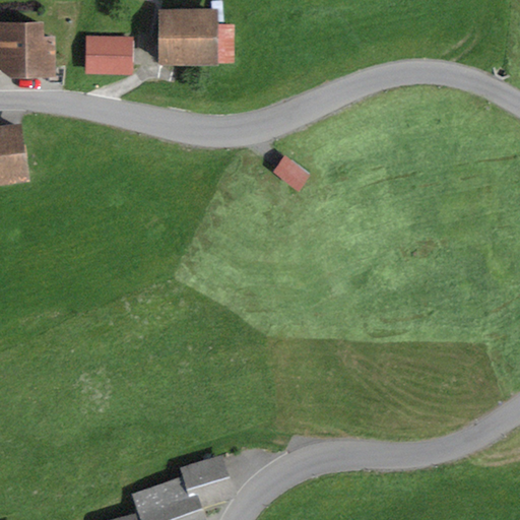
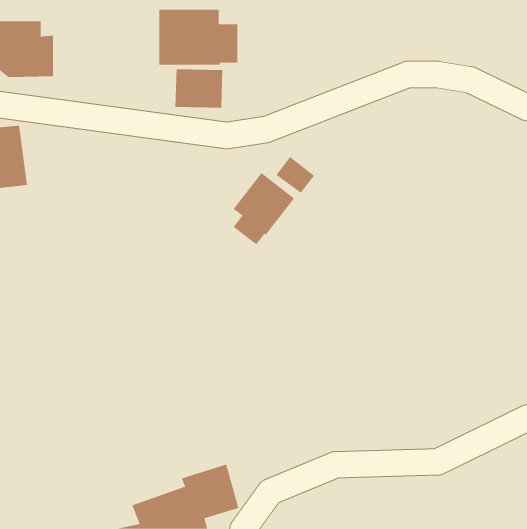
building: [83,36,131,74] -> [175,69,223,108]
building: none -> [233,172,295,245]

